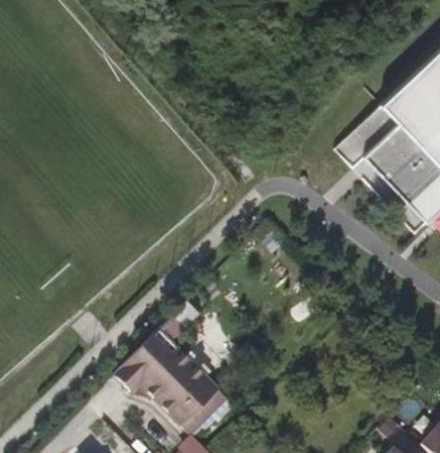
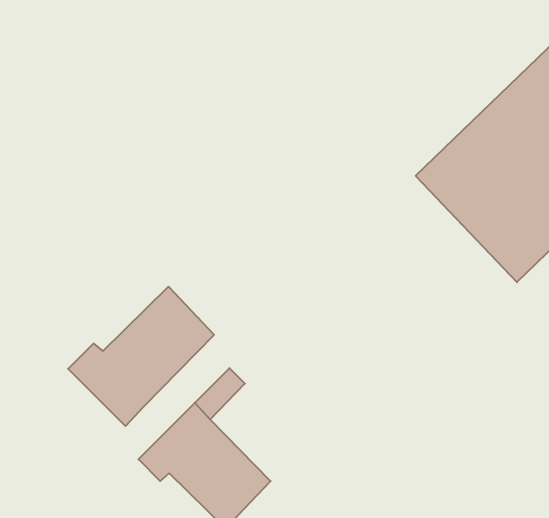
building: none -> [68,287,214,426]

